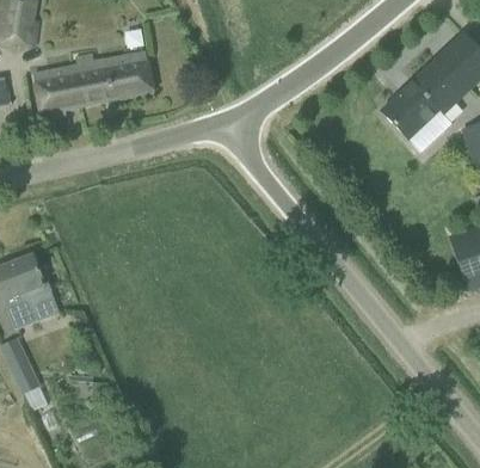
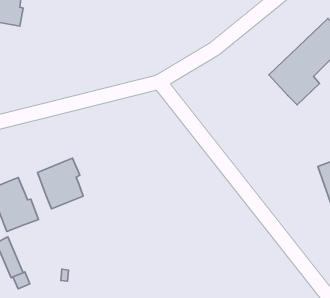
building: [33,54,153,118] -> none
building: none -> [37,158,83,209]

